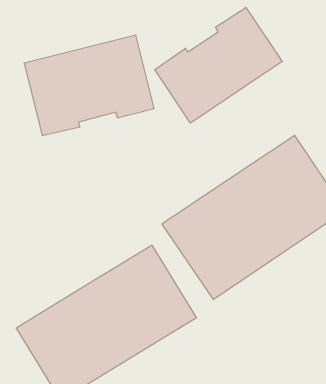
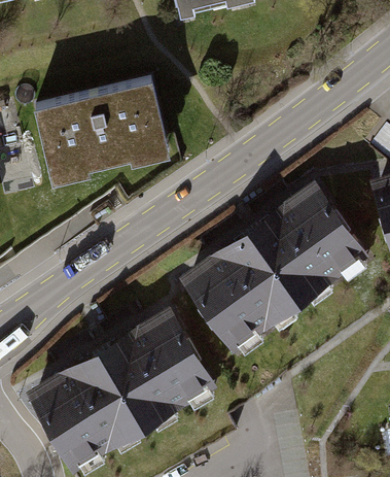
building: [155,7,282,123] -> none

